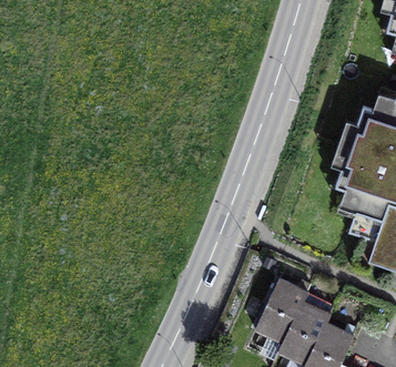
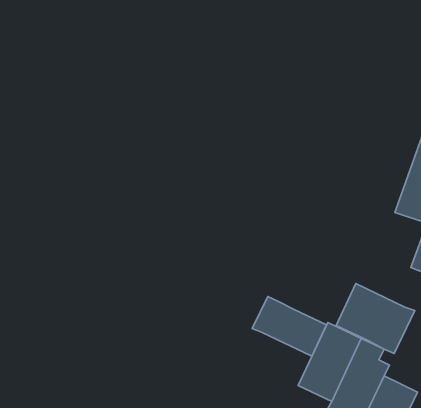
building: none -> [336,284,415,354]
building: none -> [252,297,327,356]

